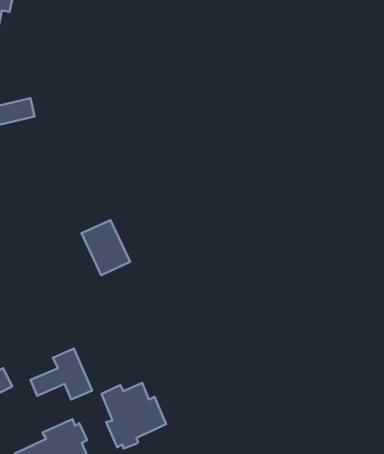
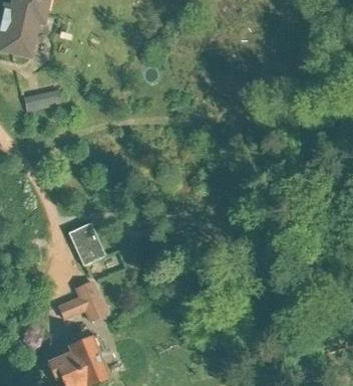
building: [82,220,130,275] -> [68,222,105,264]
building: [102,383,166,448] -> none

